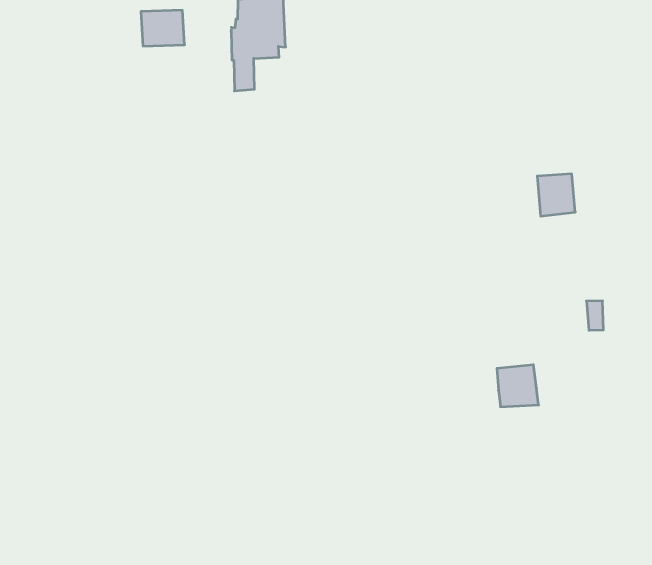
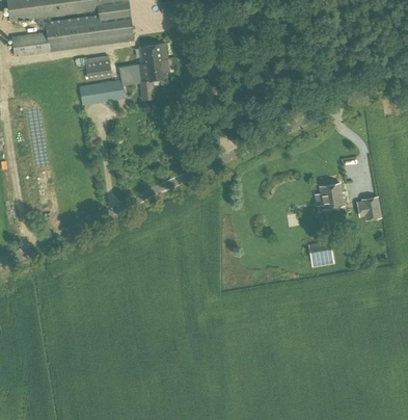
building: none -> [78,79,124,104]
building: [537,174,575,216] -> [319,182,343,208]

